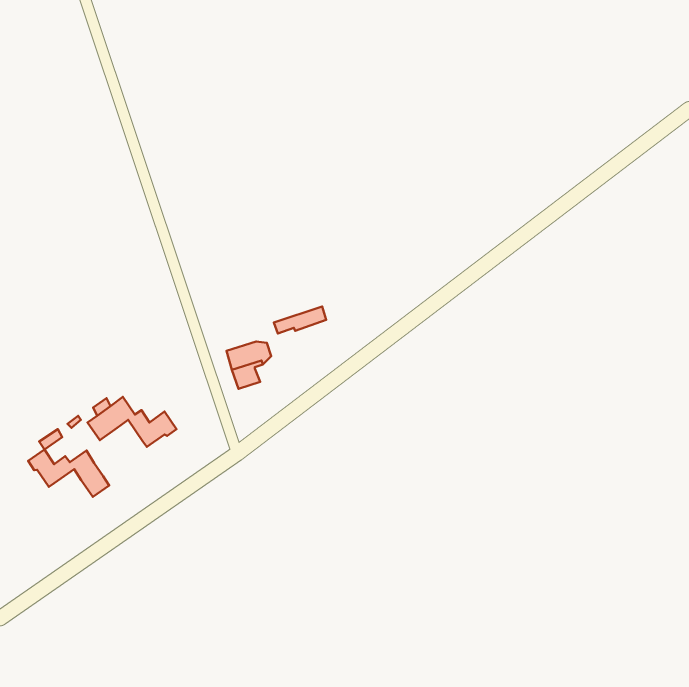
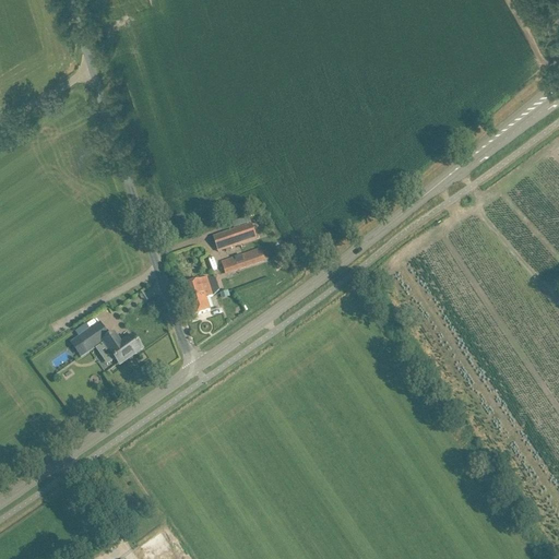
building: none -> [224,223,257,247]
building: [28,449,109,497] -> none

